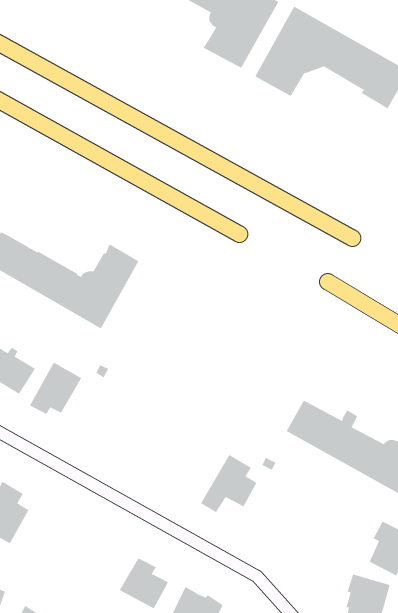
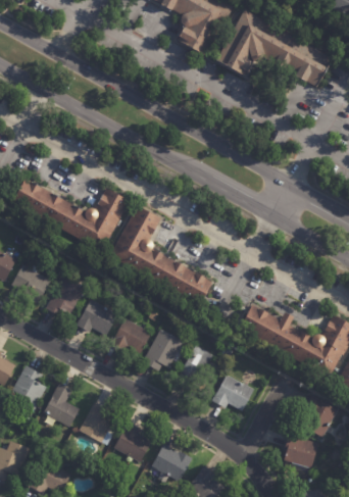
building: none -> [110,204,211,304]
building: none -> [76,298,117,333]
building: none -> [109,317,151,353]
building: none -> [142,329,183,369]
building: none -> [211,376,253,411]
building: none -> [43,384,79,430]
building: none -> [79,403,114,442]

